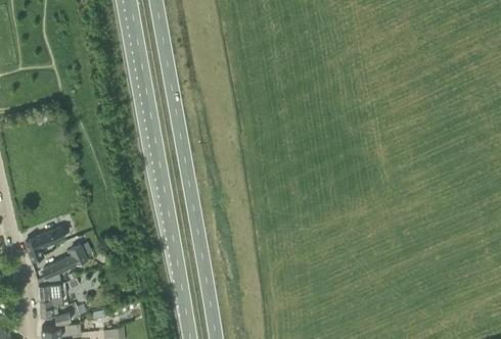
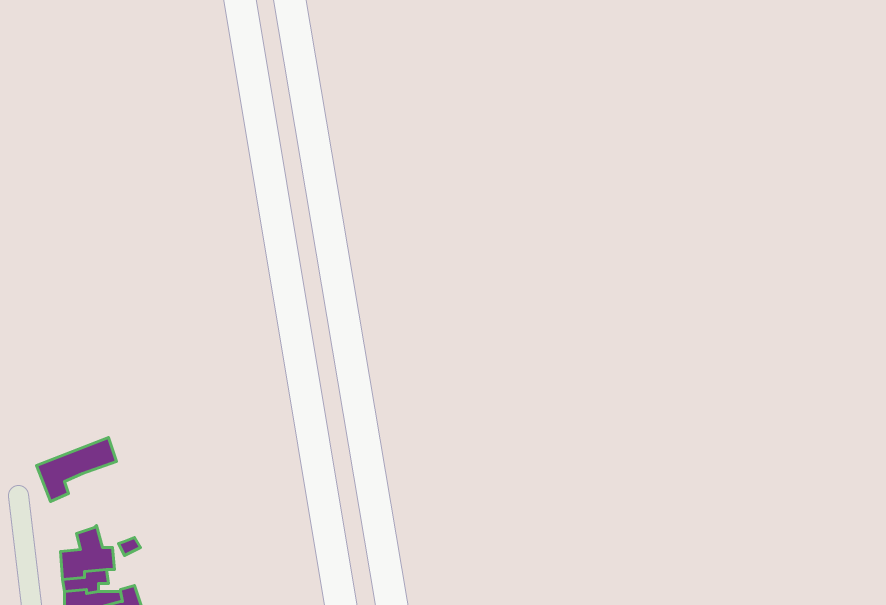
building: [43,245,88,277] -> none

